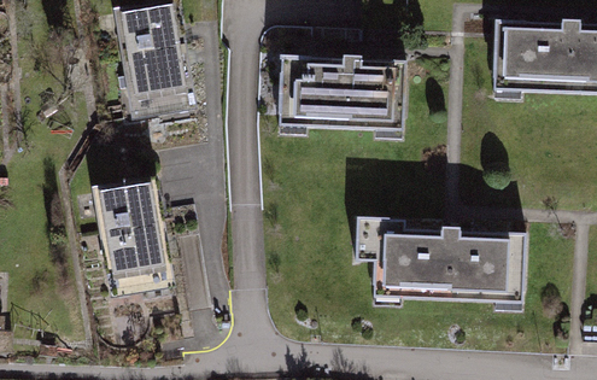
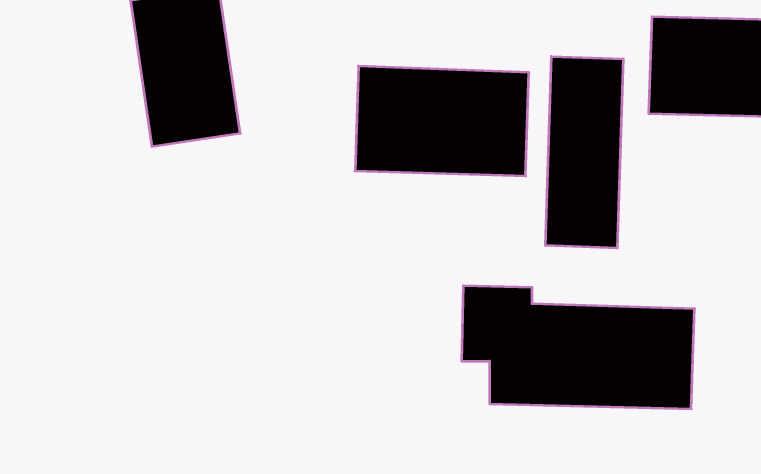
building: none -> [546,56,623,248]
building: [92,179,177,298] -> none

